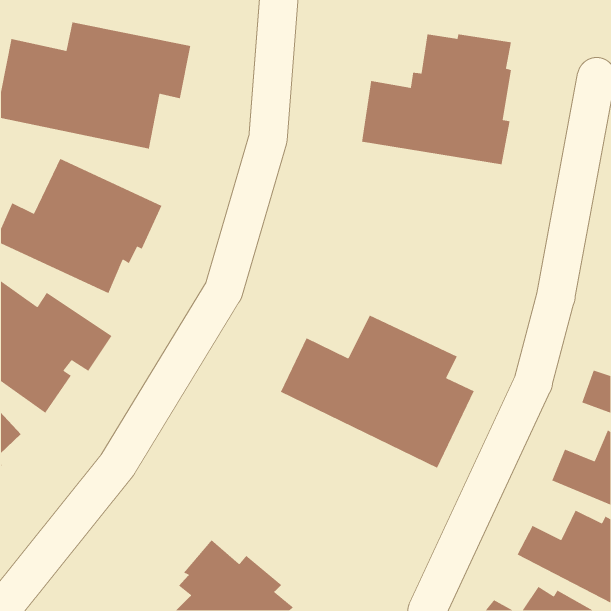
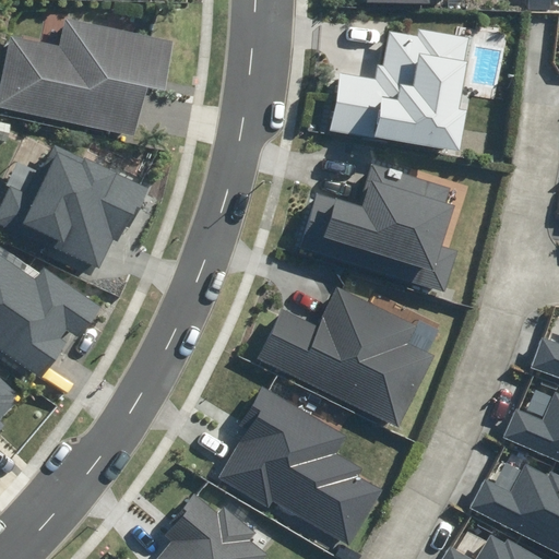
building: none -> [301,163,456,289]
building: none -> [218,385,382,546]

